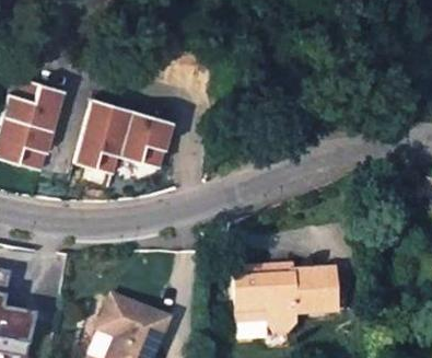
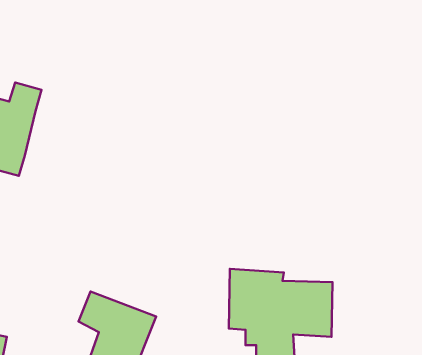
building: [77,99,174,174] -> none

